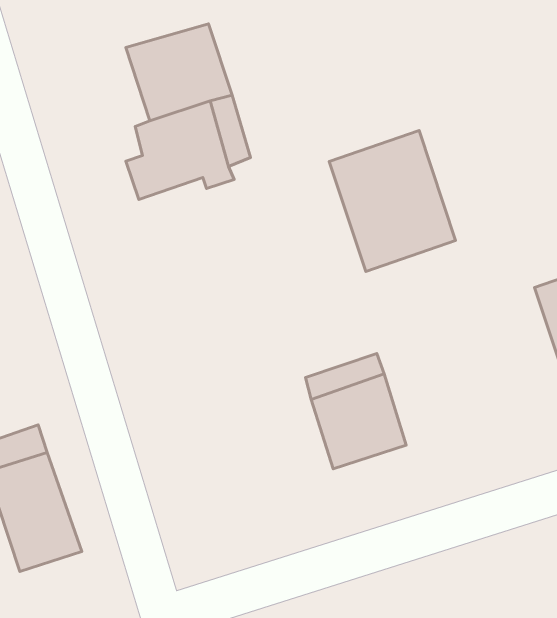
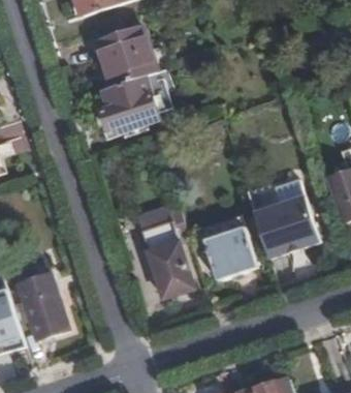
building: [329,130,456,272] -> [248,179,319,259]
building: none -> [142,220,193,297]

